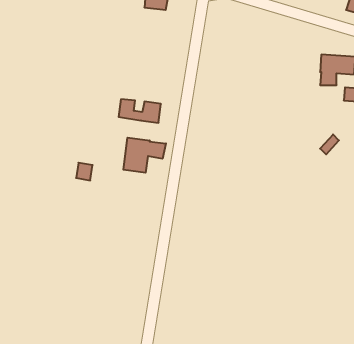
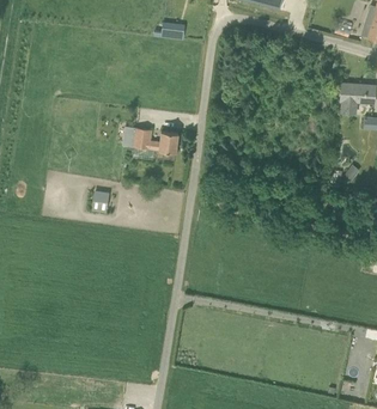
building: [123,138,166,173] -> none

